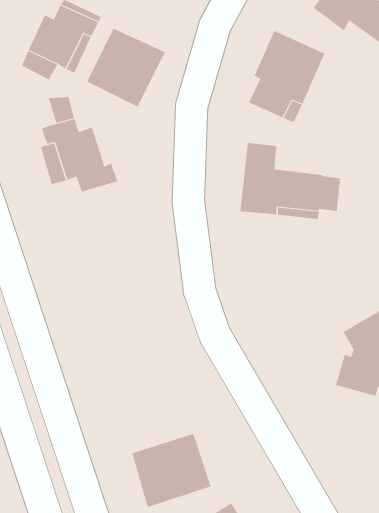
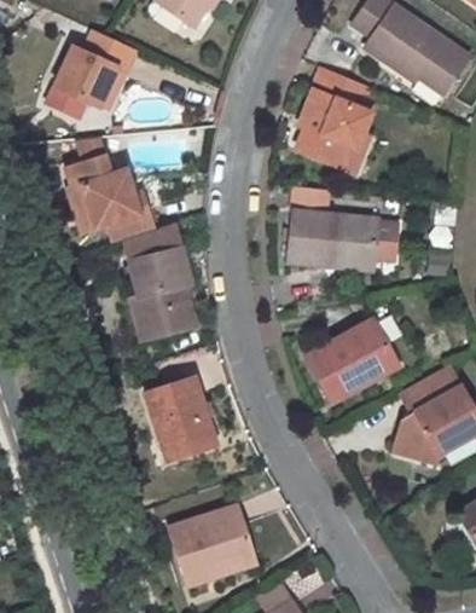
building: [87,28,166,108] -> none
building: none -> [126,224,196,341]
building: none -> [307,323,395,401]
building: none -> [147,376,215,457]

